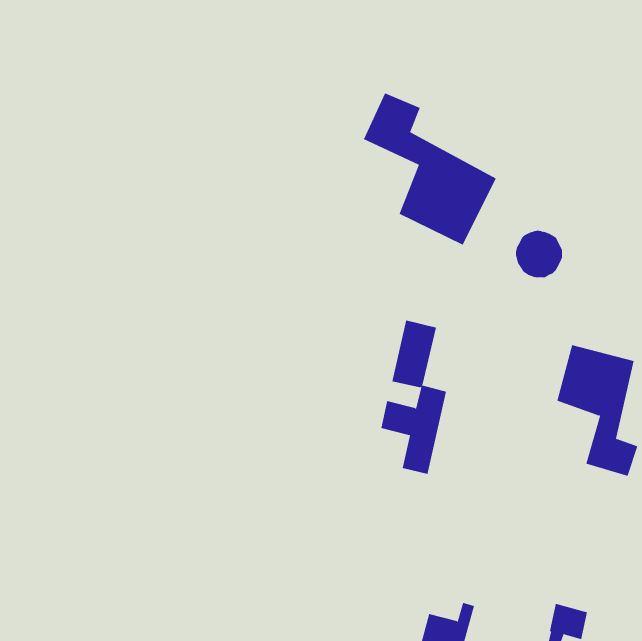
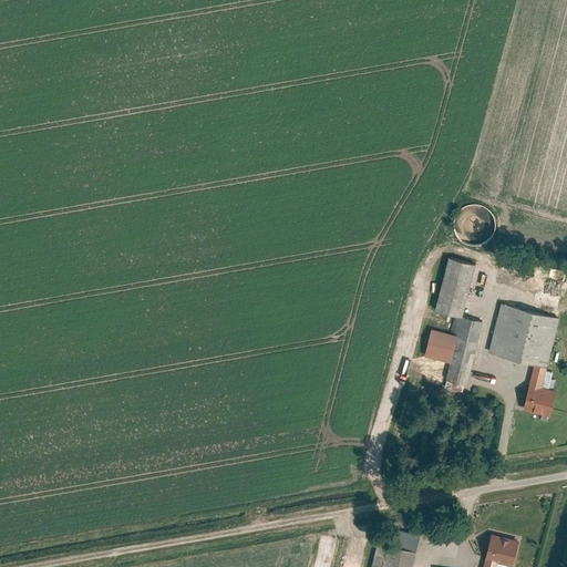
building: [363,92,497,246] -> none
building: [380,320,447,475] -> [423,258,482,394]

